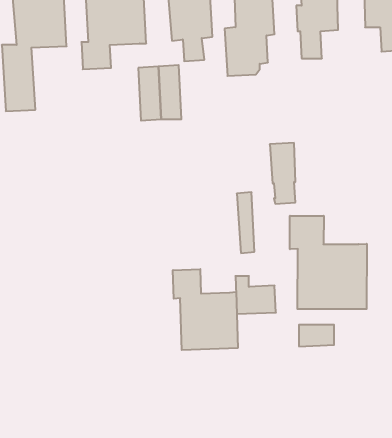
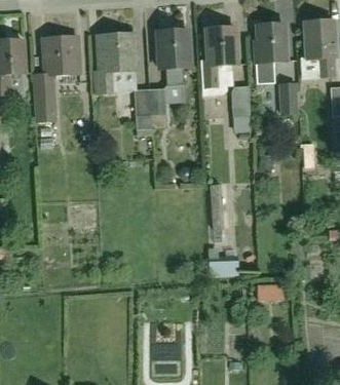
building: none -> [278,82,299,115]
building: [270,143,295,204] -> [231,86,251,132]
building: [290,216,367,309] -> none
building: [173,269,238,350] -> none

